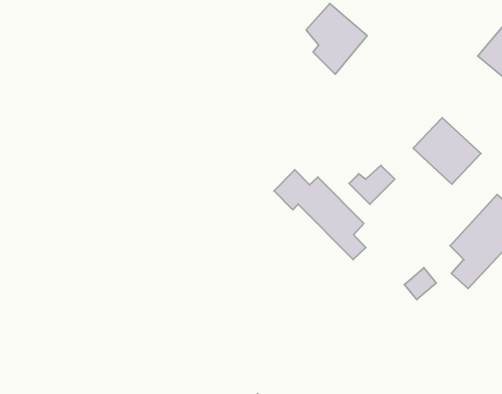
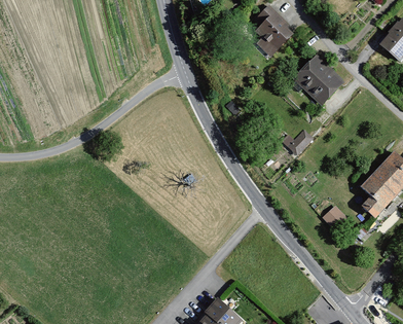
building: [413,118,481,184] -> [291,57,341,106]
building: [274,170,366,260] -> none

